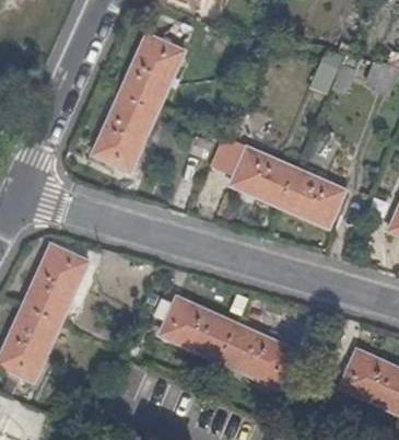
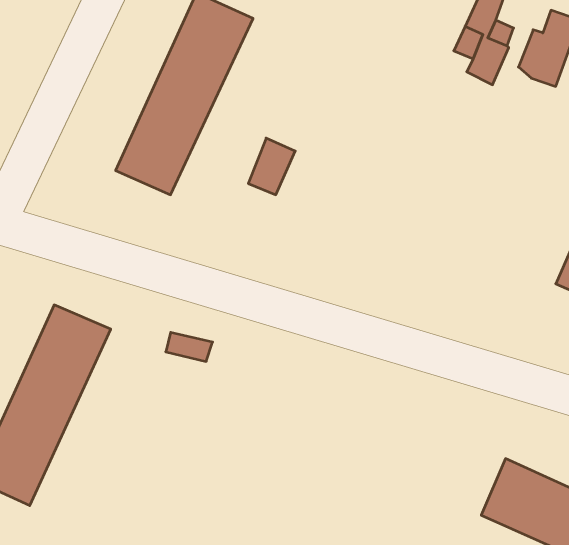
building: [228,147,344,227] -> none
building: [159,297,295,386] -> none

